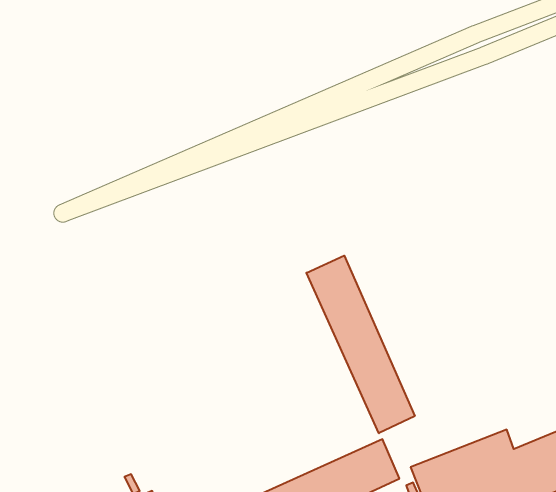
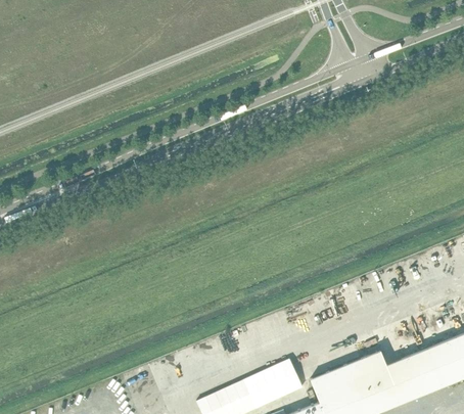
building: [306,256,415,433] -> none

